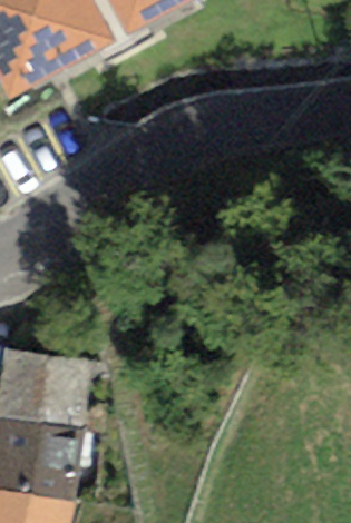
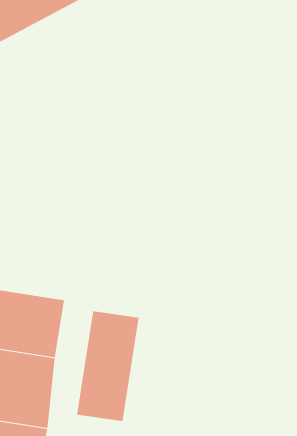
building: none -> [77,310,139,422]

